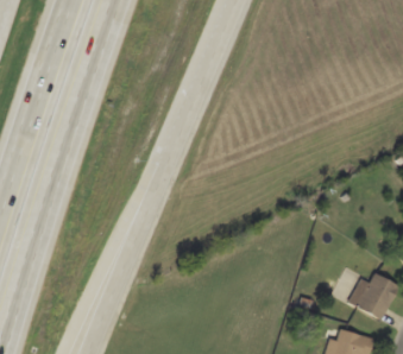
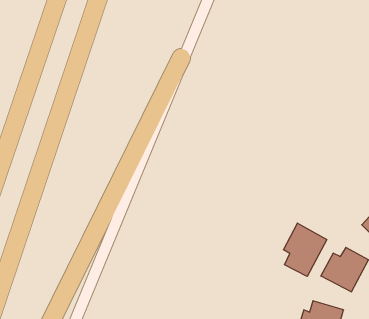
building: none -> [283,223,327,276]

